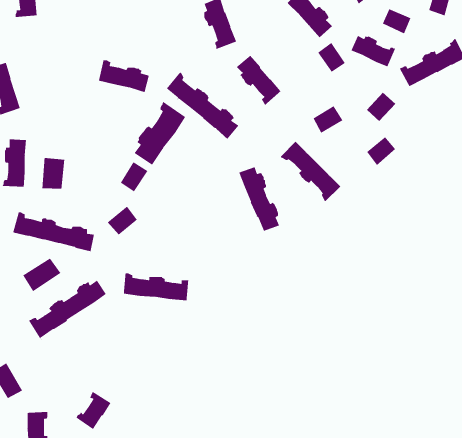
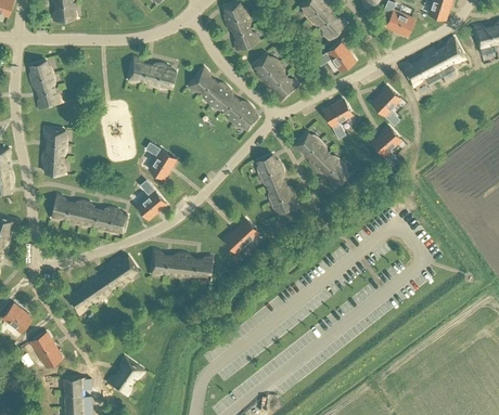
building: [349,35,397,68] -> none
building: [134,101,186,169] -> none
building: [42,157,65,190] -> none
building: none -> [226,220,258,252]
building: [22,257,61,292] -> none

